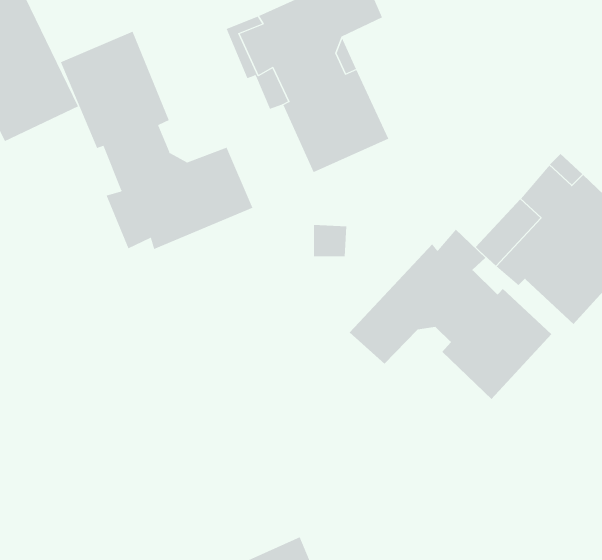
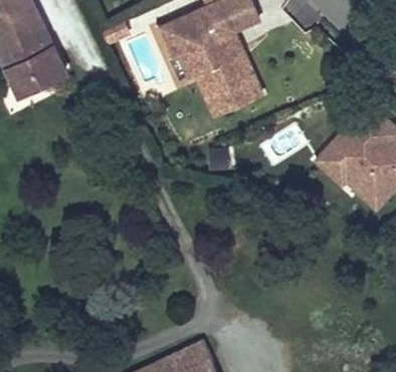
building: [60,31,253,250] -> none
building: [349,229,552,400] -> none

